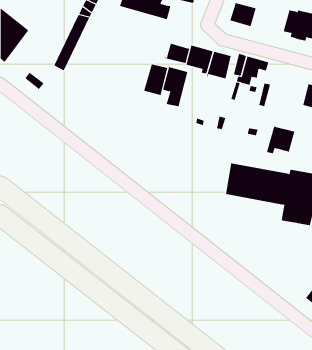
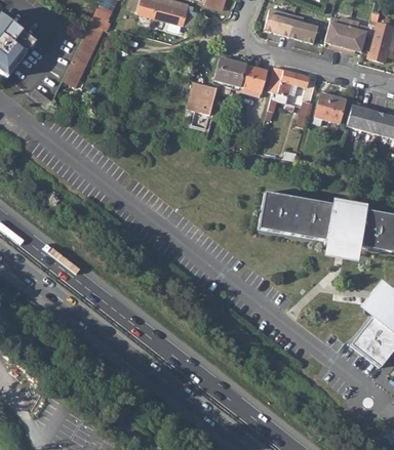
building: none -> [288,15,318,43]
building: [164,43,190,64] -> none
building: [143,63,168,96] -> none
building: [266,126,295,154] -> [313,93,346,125]

